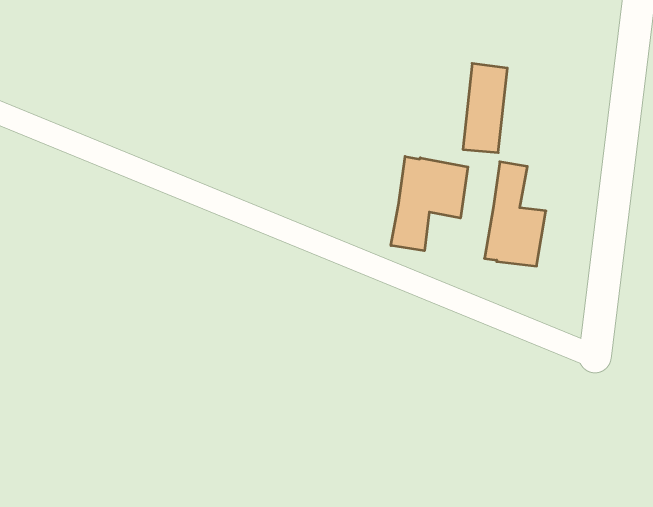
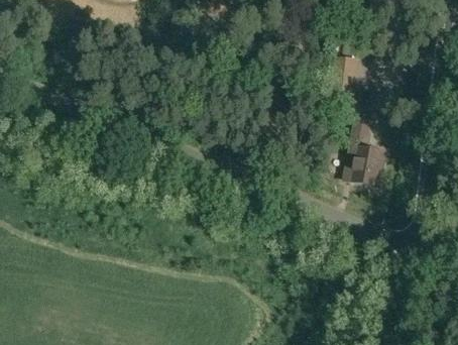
building: [391,156,468,251] -> none

